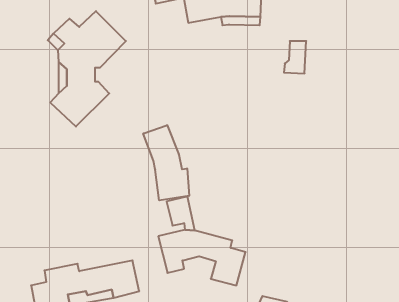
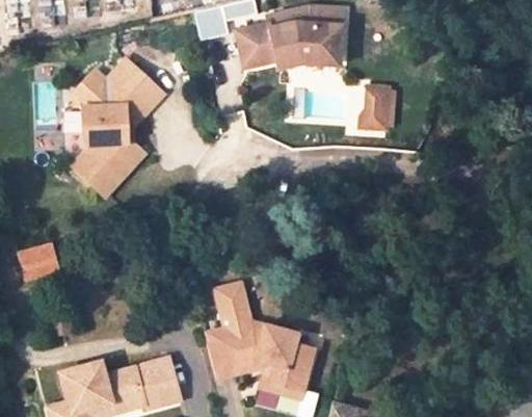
building: [143,125,189,200] -> none
building: none -> [20,243,59,279]
building: none -> [236,356,303,401]

